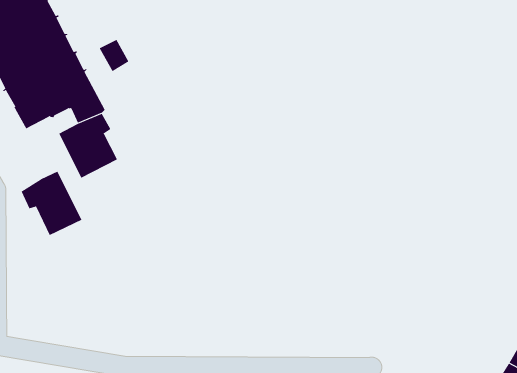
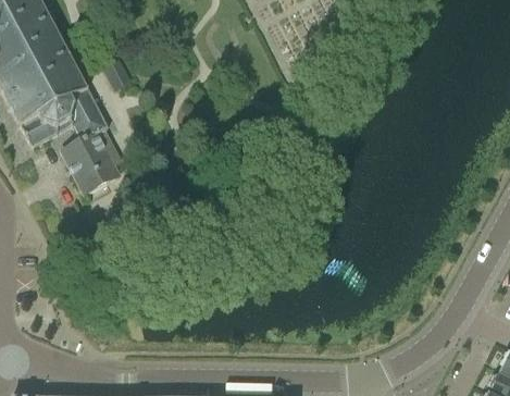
building: [21,171,82,236] -> none

